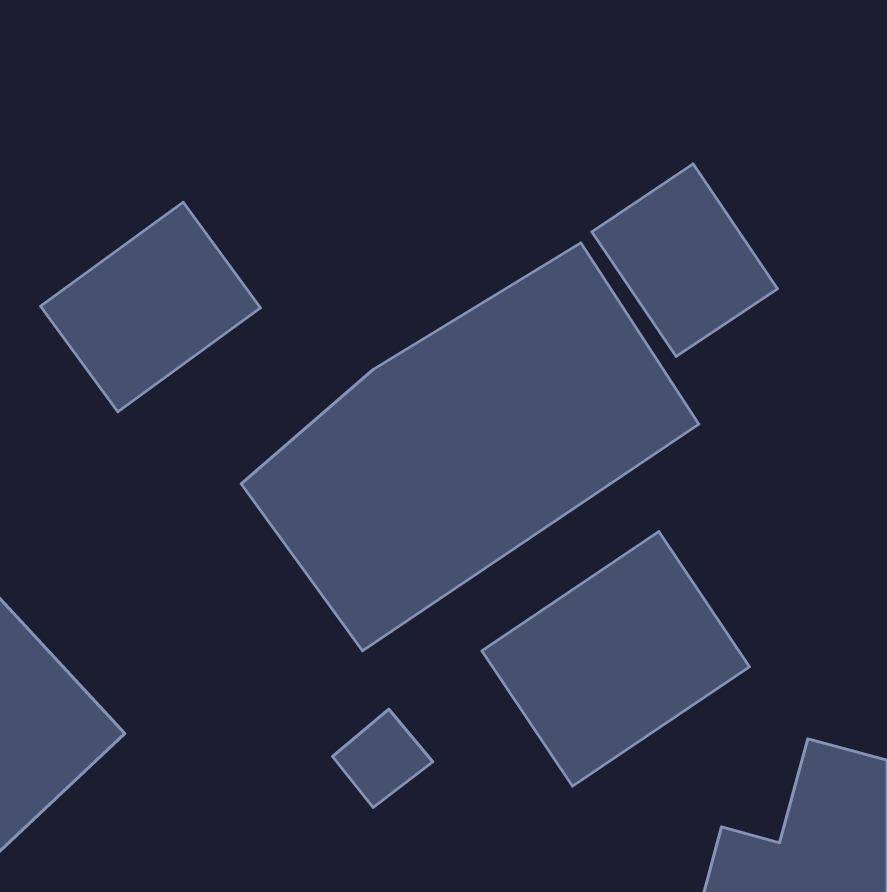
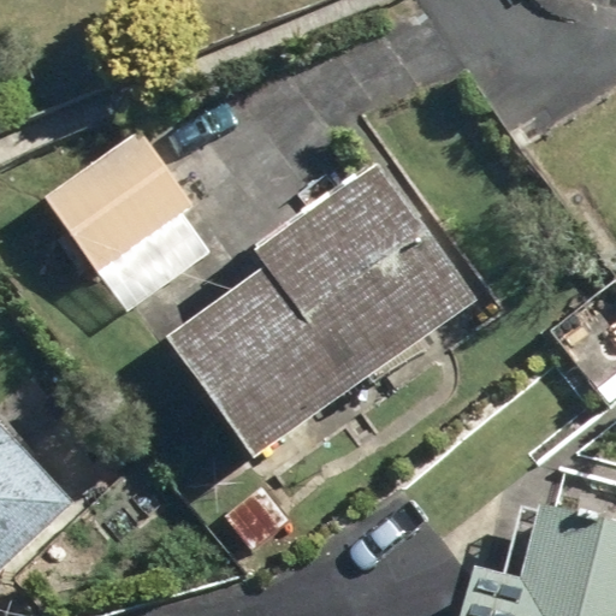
building: [592,164,777,357] -> none
building: [482,531,750,786] -> none

